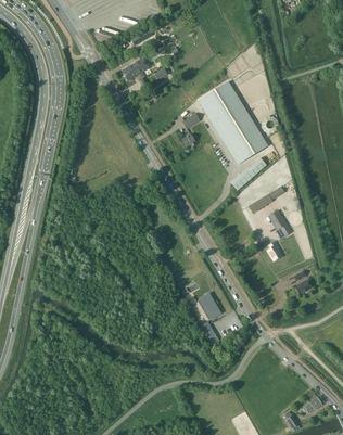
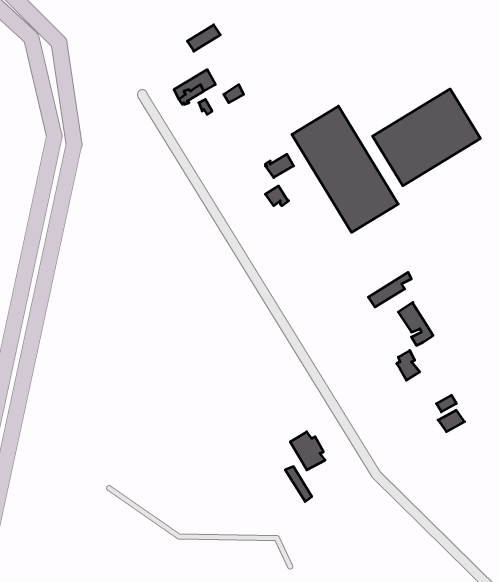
building: none -> [373,89,480,186]

